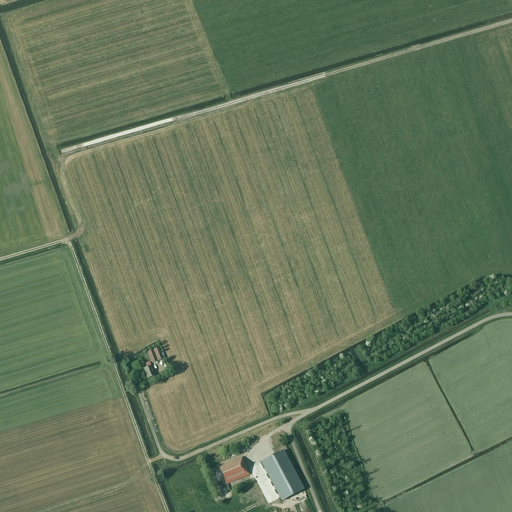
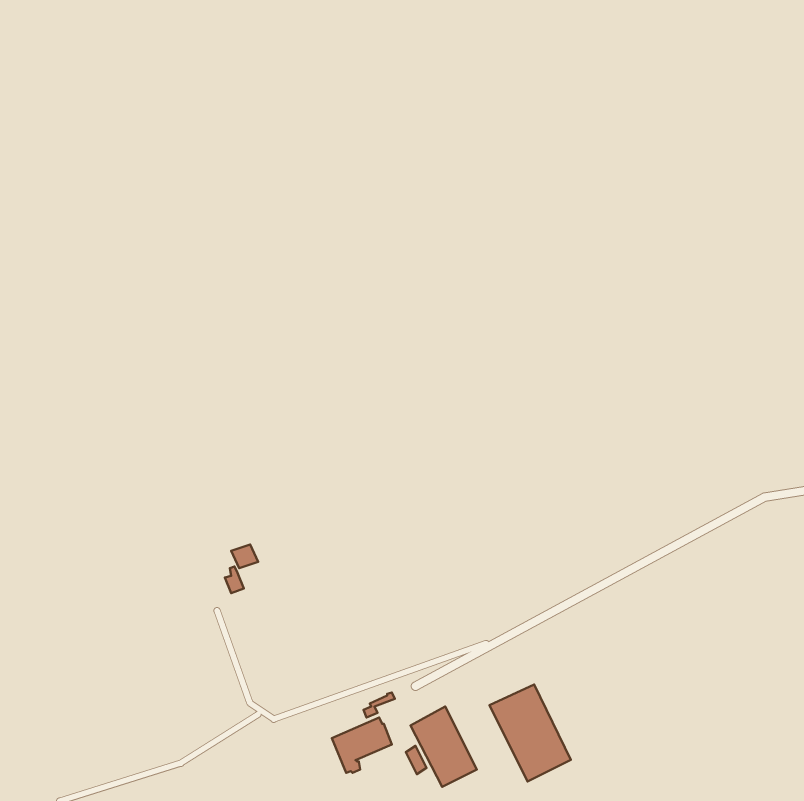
building: none -> [489,685,571,781]

